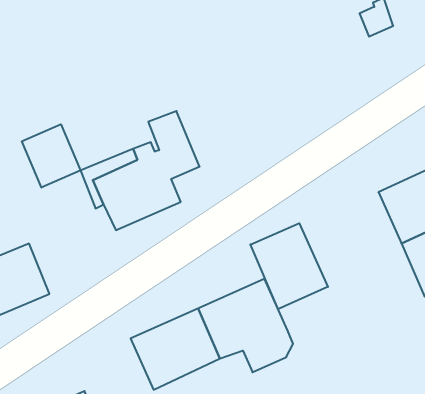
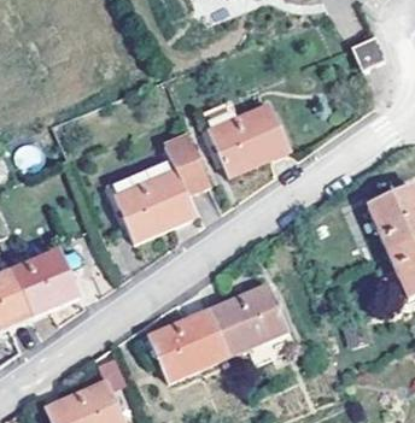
building: none -> [203,95,287,174]
building: [22,124,81,188] -> none
building: [250,223,328,309] -> none

